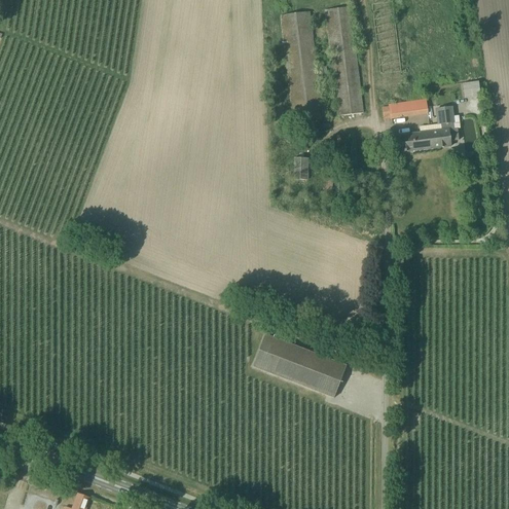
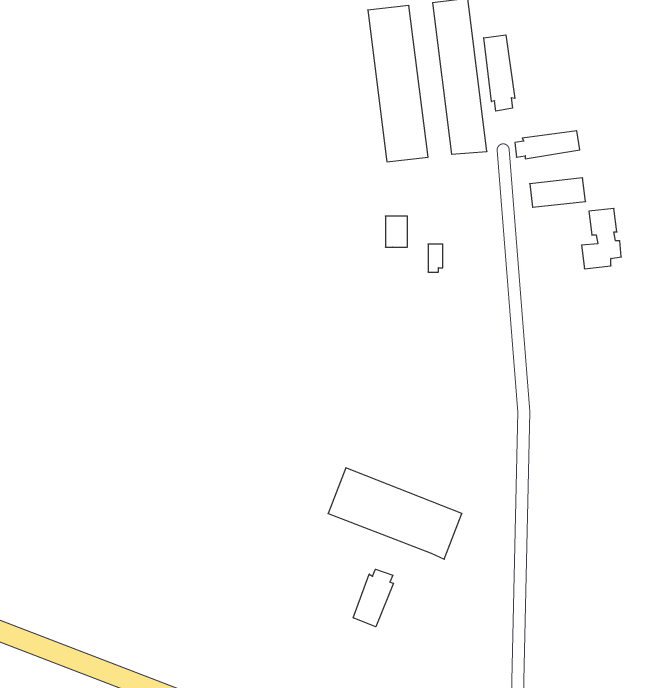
building: none -> [484,35,515,111]
building: [430,105,458,147] -> [582,208,621,269]
building: none -> [353,569,393,627]

